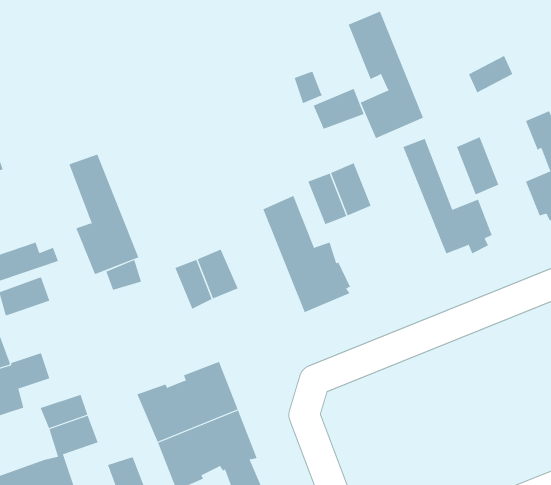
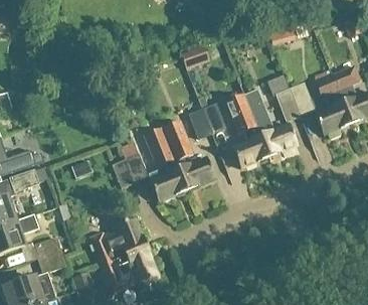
building: [348,11,424,139] -> [225,93,269,167]
building: none -> [290,81,316,115]
building: [69,154,139,275] -> [146,129,187,199]

